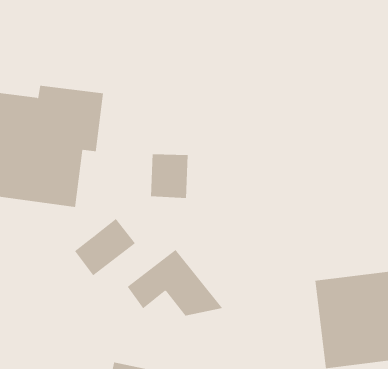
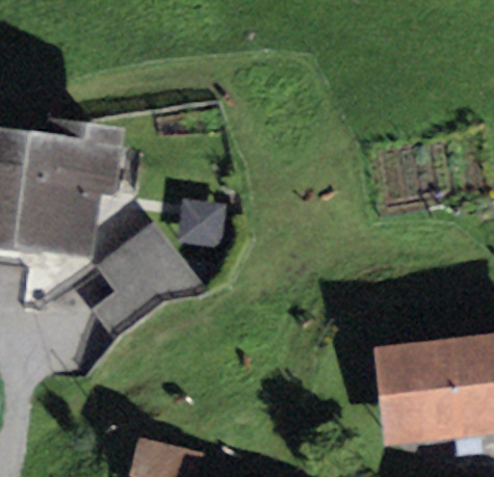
building: [127,249,223,316] -> [96,224,208,302]

